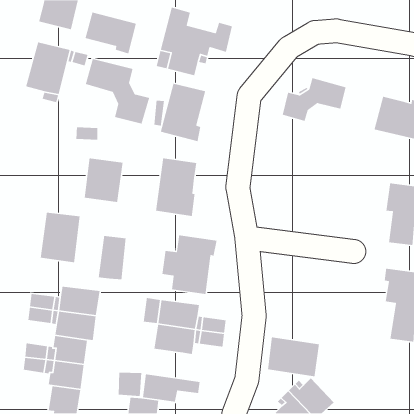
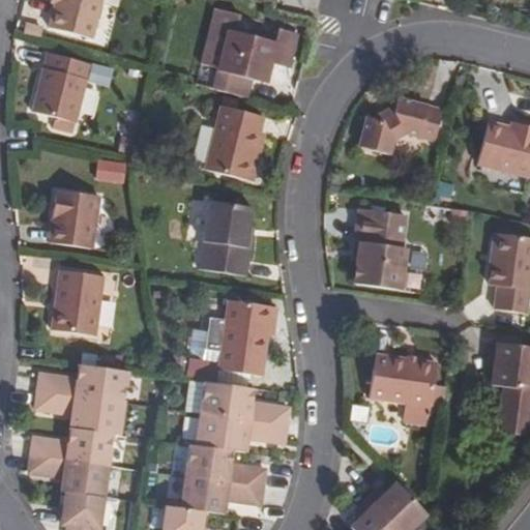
building: [84,12,137,54] -> none
building: [85,58,150,125] -> none
building: [84,157,124,203] -> [50,189,100,247]
building: none -> [355,209,408,290]
building: [98,235,127,280] -> none
building: [267,336,320,377] -> [370,353,437,405]
building: none -> [186,444,260,487]

